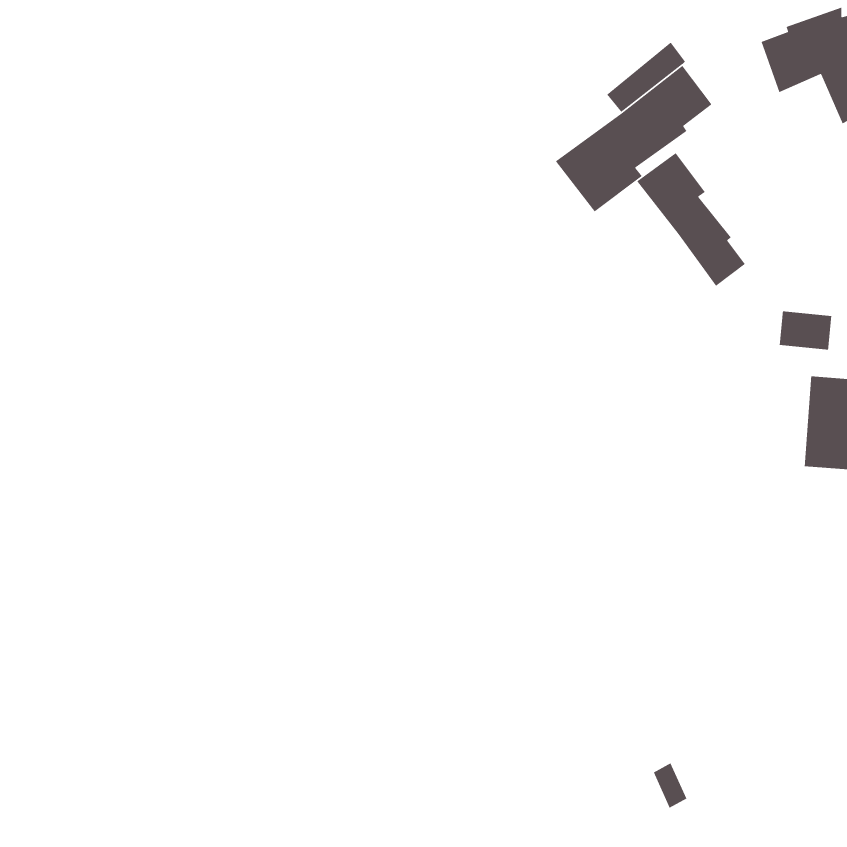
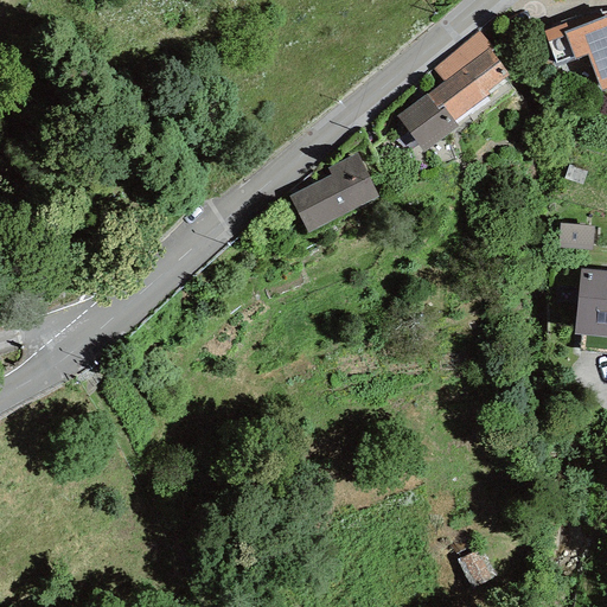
building: [636,152,746,287] -> none
building: none -> [289,153,379,231]

